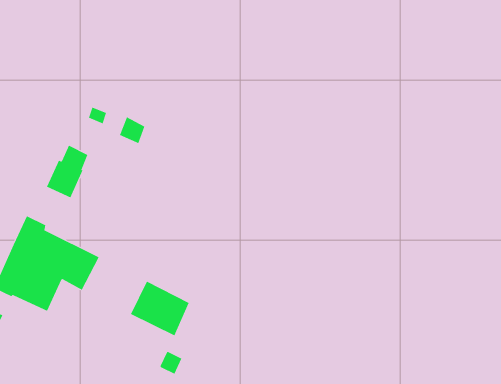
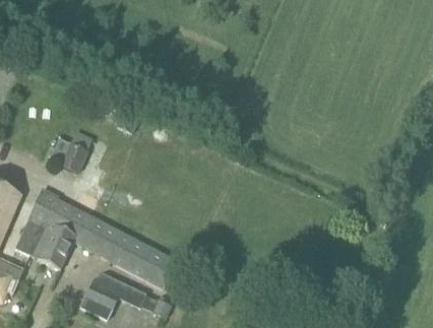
building: none -> [87,222,140,269]
building: none -> [83,271,149,317]

